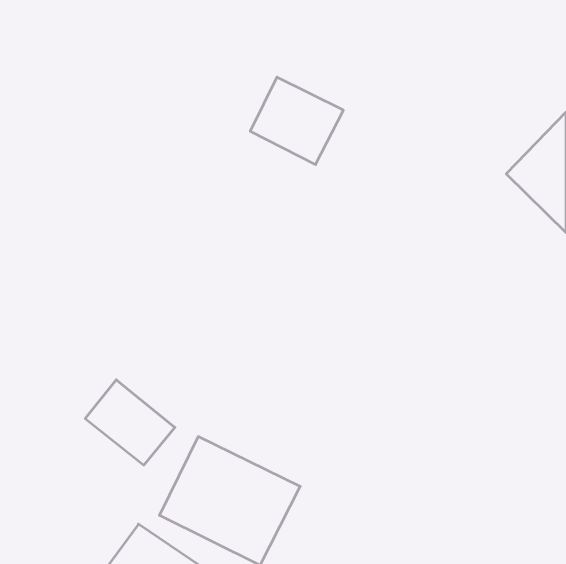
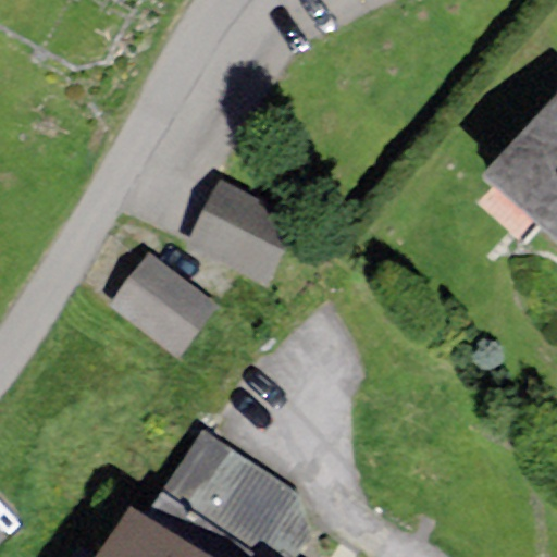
building: [250,77,343,165] -> [196,193,287,278]
building: [85,380,175,465] -> [123,262,211,346]

